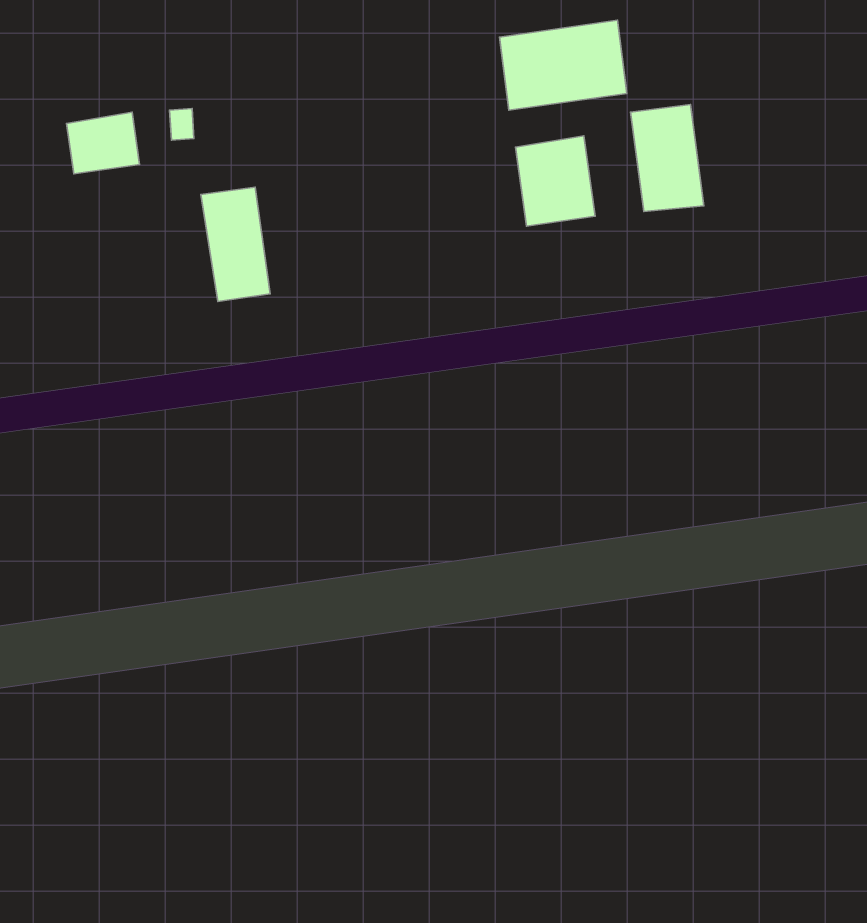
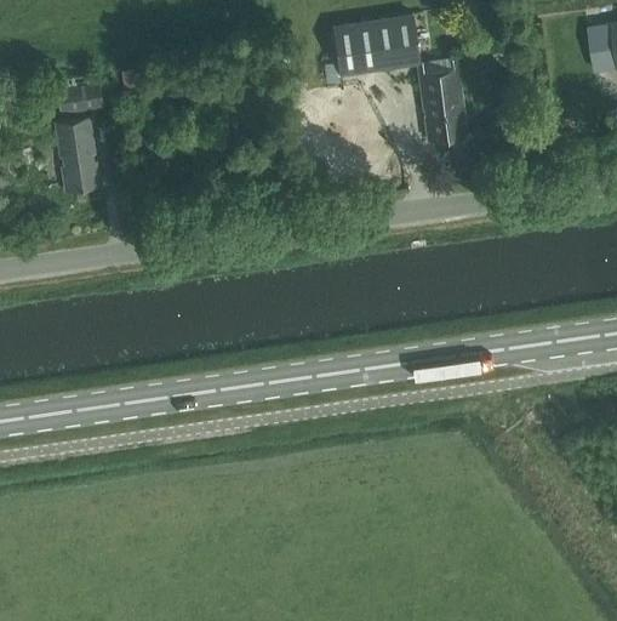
building: [515,136,595,226] -> none
building: [201,187,270,301] -> [55,118,99,192]

